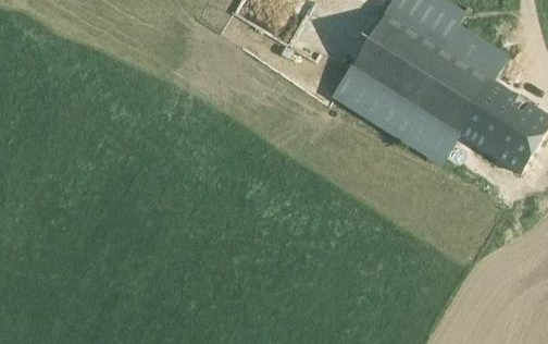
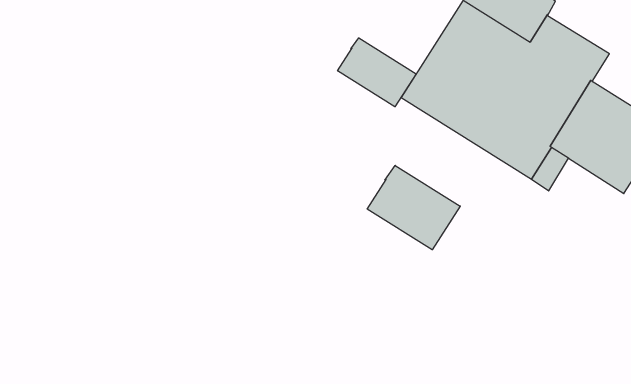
building: none -> [338,38,416,107]
building: none -> [367,165,460,250]

